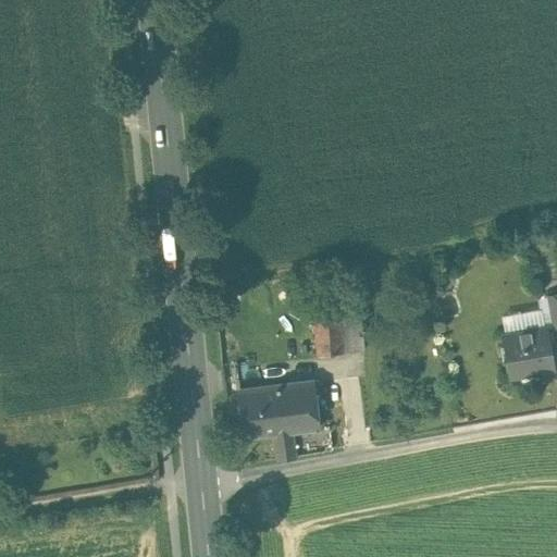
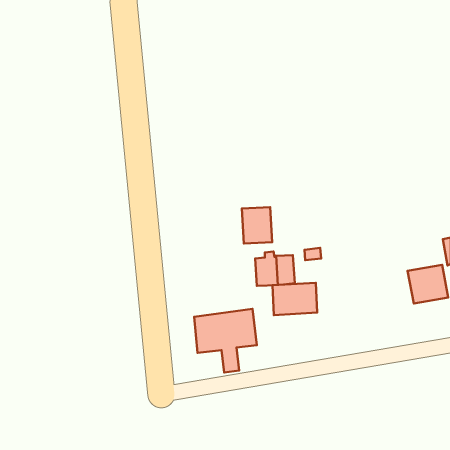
building: none -> [242,207,272,244]
building: none -> [273,283,317,315]

